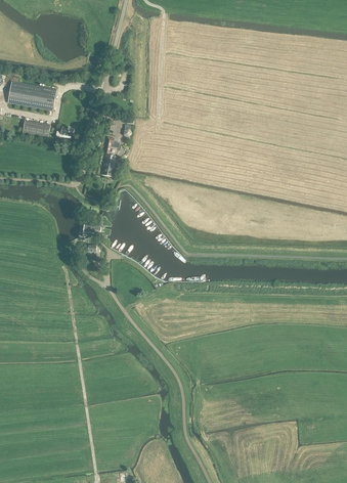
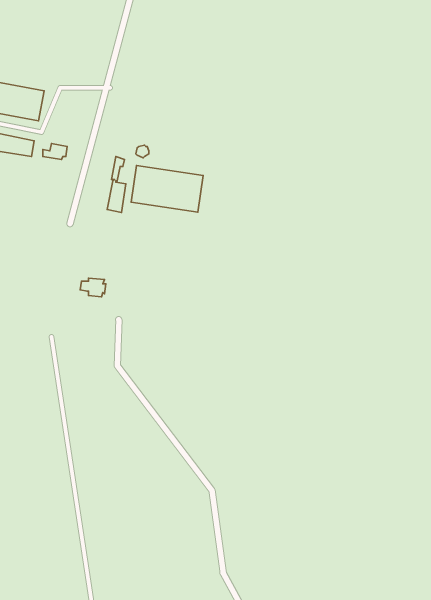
building: none -> [131,165,203,212]

